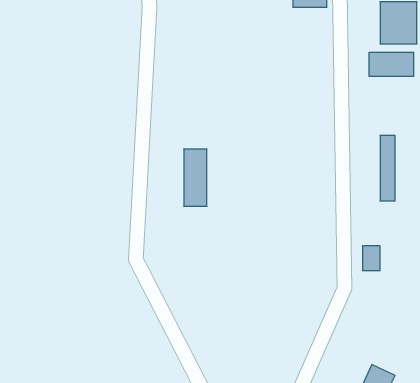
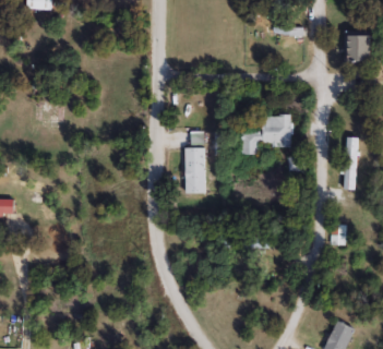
building: [369,52,414,76] -> none
building: none -> [241,116,290,155]

